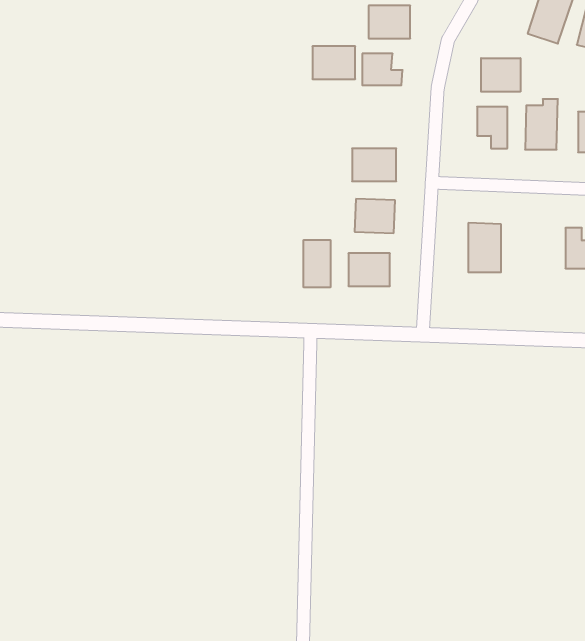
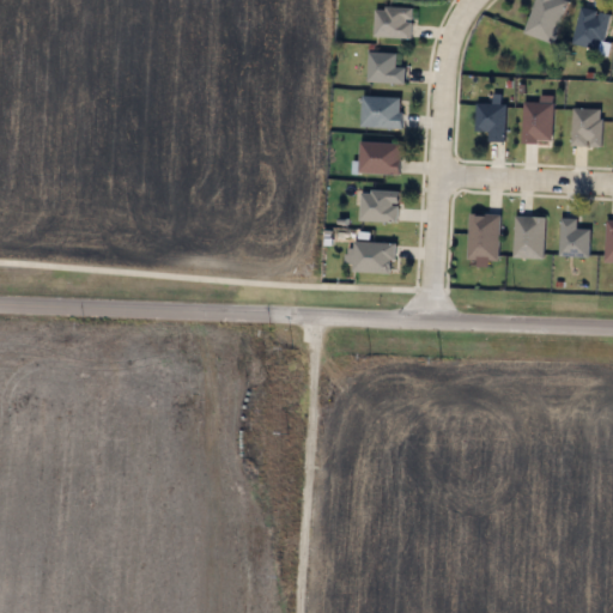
building: [312,46,355,79] -> [362,97,402,128]
building: [481,58,520,92] -> none
building: none -> [514,216,545,259]
building: [304,240,330,287] -> none

